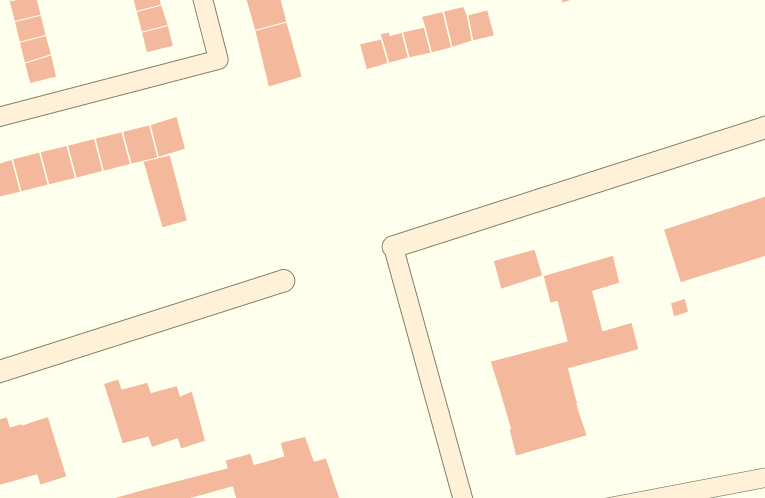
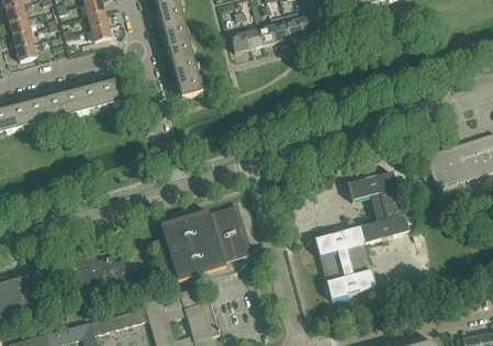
building: none -> [172,55,203,97]
building: [143,155,187,228] -> none
building: [493,249,543,290] -> none
building: none -> [152,202,251,279]

